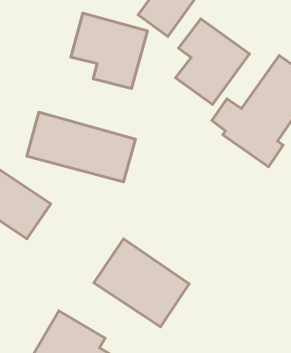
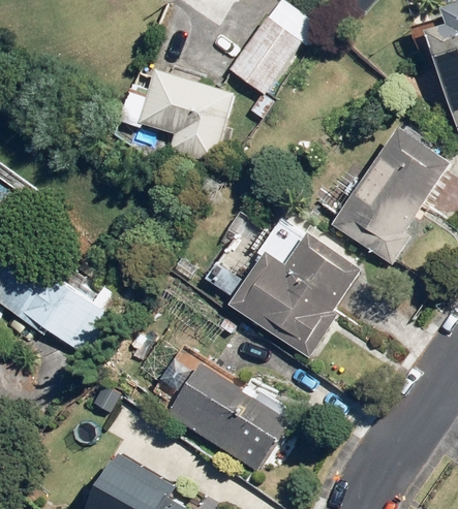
building: [176,19,249,104] -> none
building: [27,112,136,182] -> none
building: none -> [207,217,364,359]

